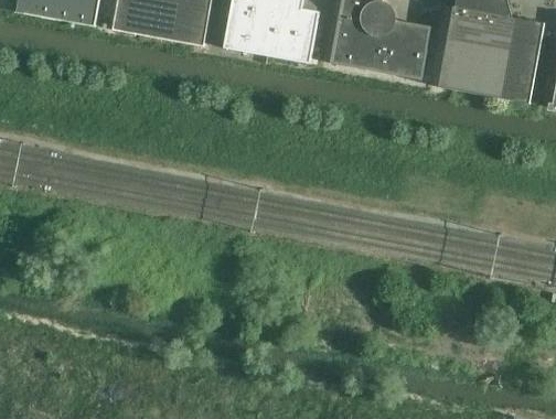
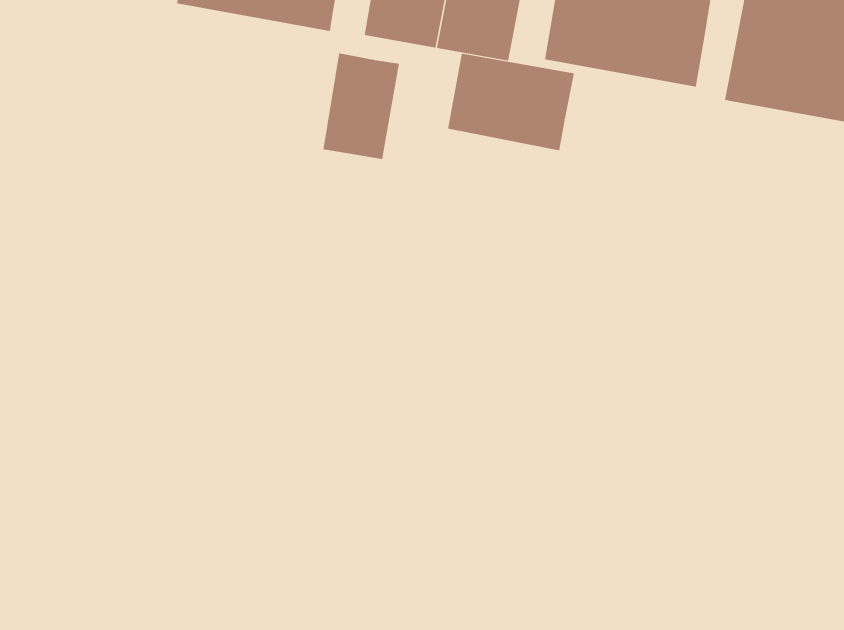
building: none -> [323,53,400,160]
building: none -> [447,53,575,151]

